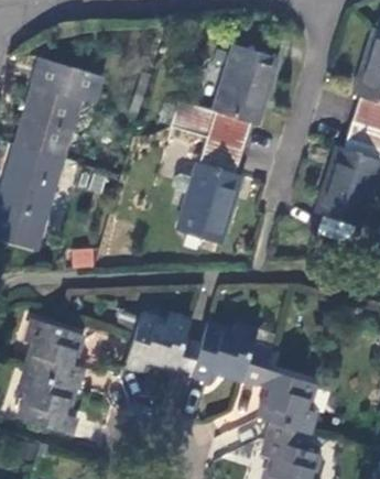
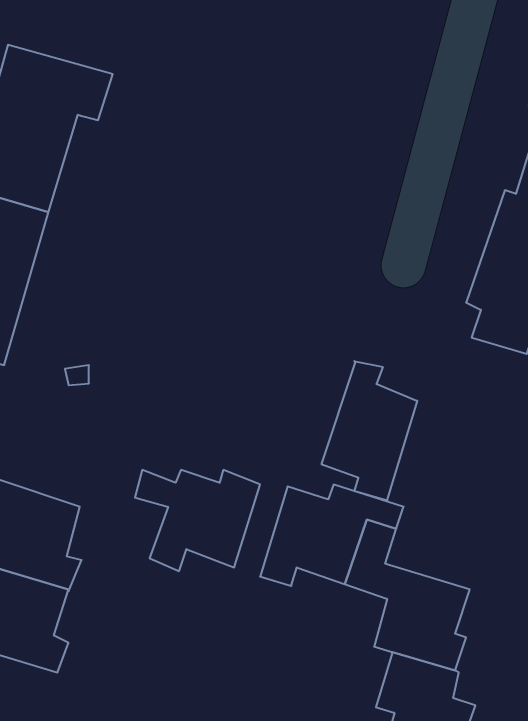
building: [171,45,280,244] -> none
building: none -> [322,361,417,500]

